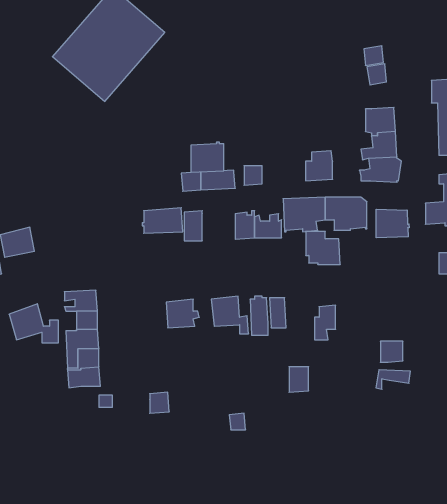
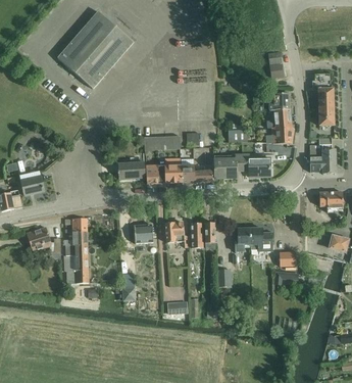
building: [191,142,224,172] -> [158,163,181,184]
building: [376,209,409,238] -> none
building: [306,231,340,264] -> [249,228,272,250]

